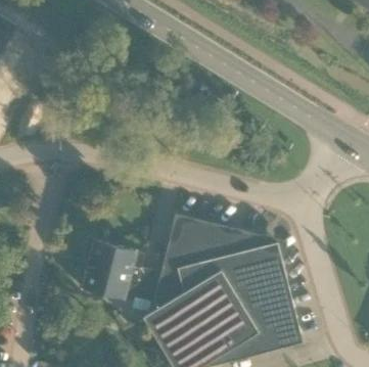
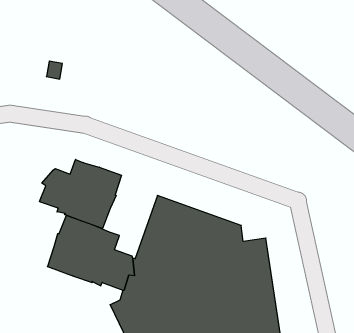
building: none -> [40,159,122,229]

